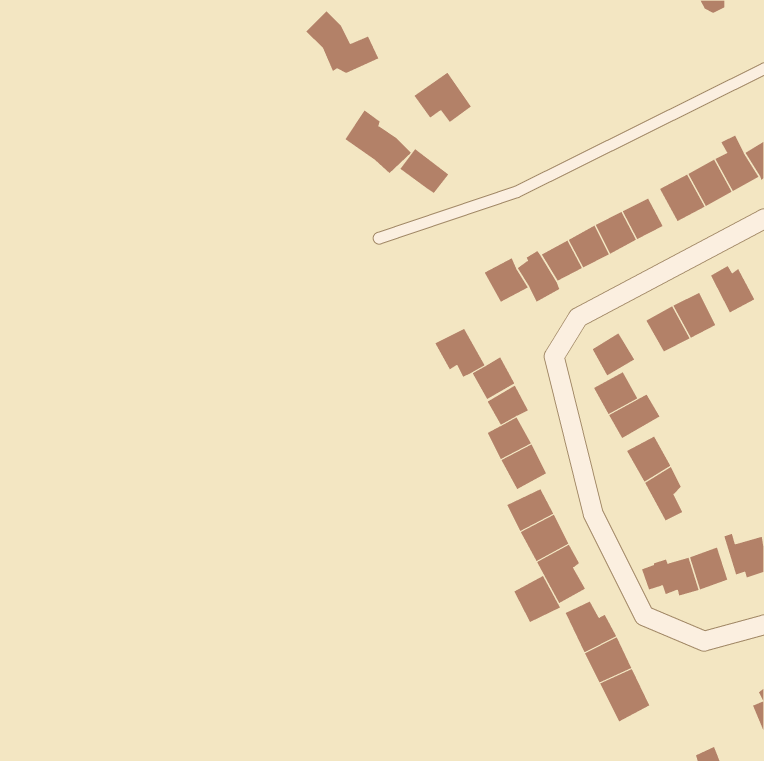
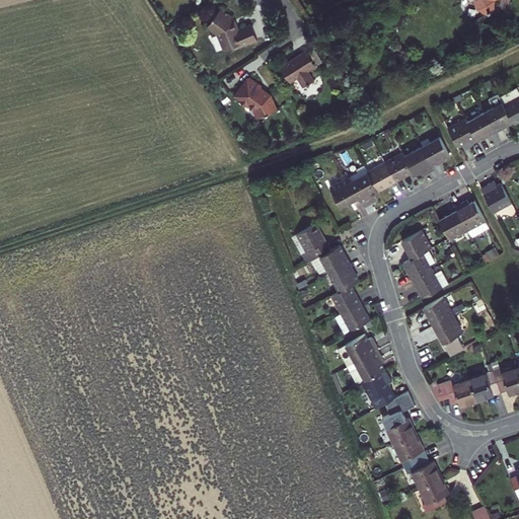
building: [400,148,449,194] -> none
building: [513,575,561,623] -> none
building: none -> [419,480,448,513]

